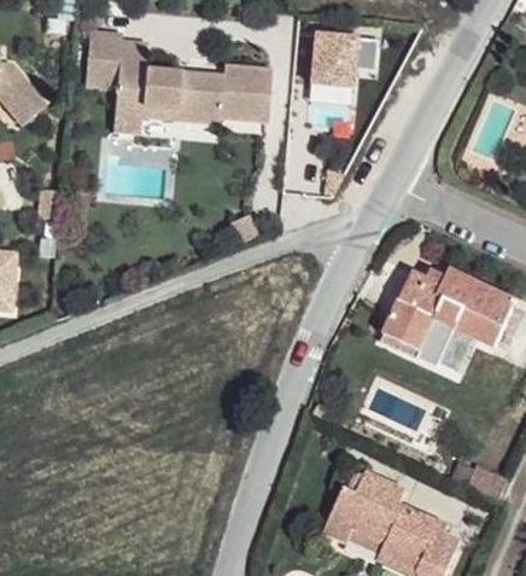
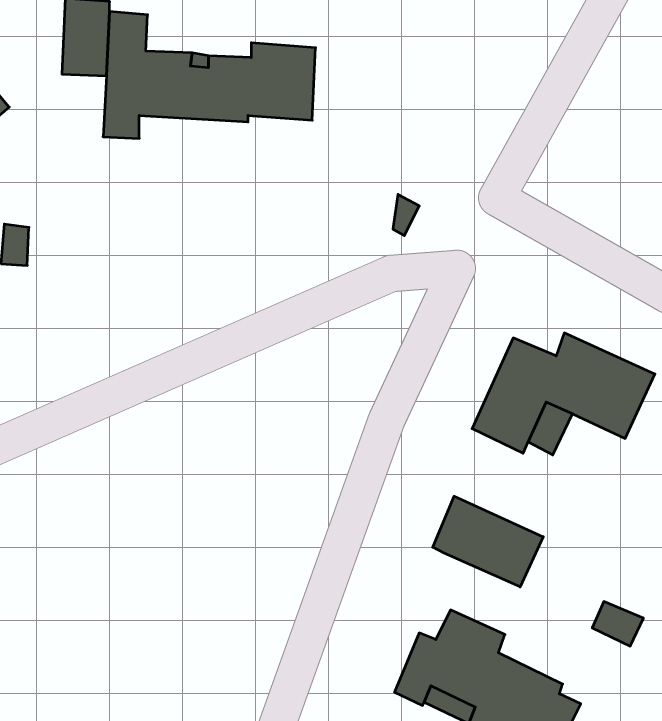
building: [314,35,381,88] -> none
building: none -> [433,496,543,587]

